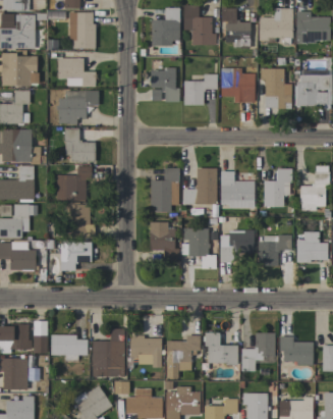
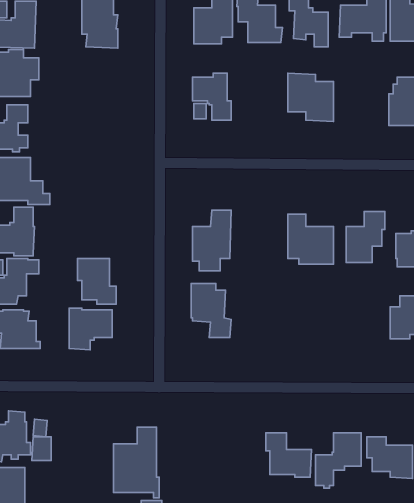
building: [58,58,96,87] -> none
building: [261,68,291,109] -> none
building: [183,73,218,105] -> none
building: [56,91,99,124] -> none
building: [64,128,96,162] -> none
building: [57,166,92,200] -> none
building: [182,168,217,204] -> none
building: [181,228,216,269] -> none
building: [220,229,254,263] -> none
building: [258,234,291,266] -> none
building: [51,334,88,360] -> none
building: [129,335,161,368] -> none
building: [166,335,200,377] -> none

